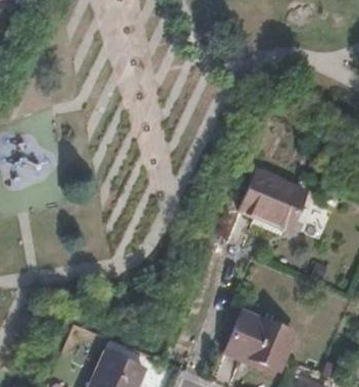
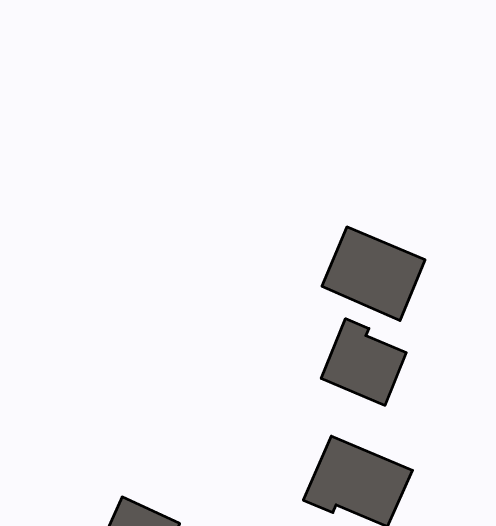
building: none -> [321,319,406,405]

